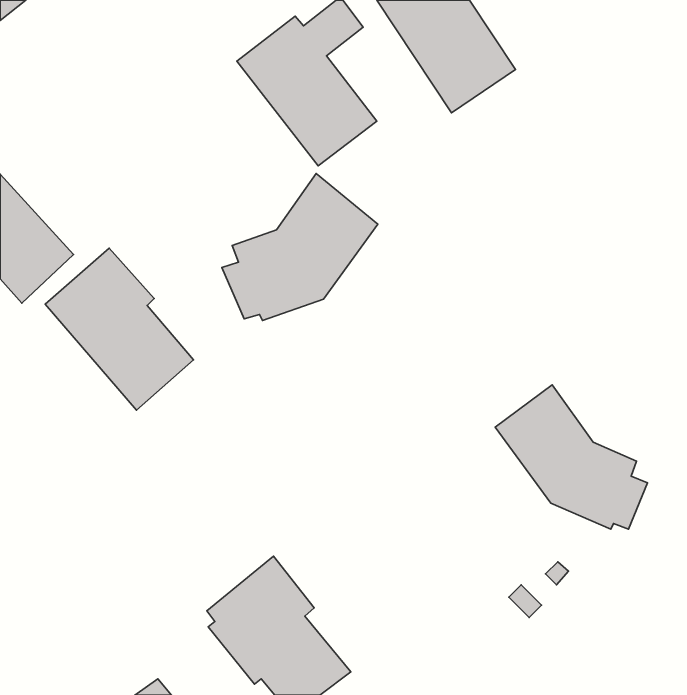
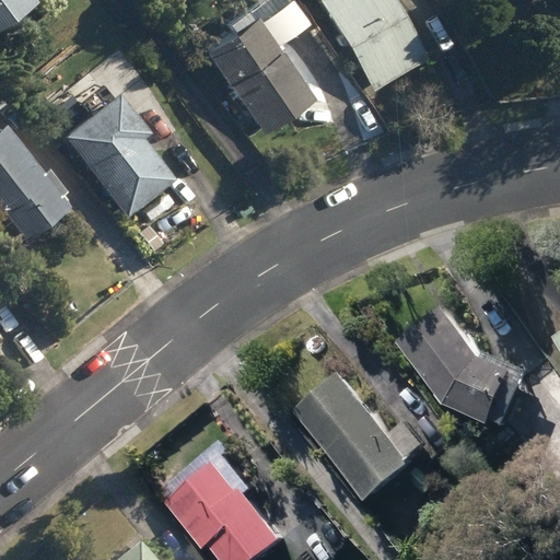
building: [222,173,378,321] -> none
building: [45,248,194,410] -> [50,86,170,217]
building: none -> [300,375,432,501]

